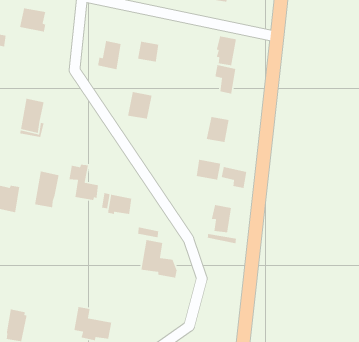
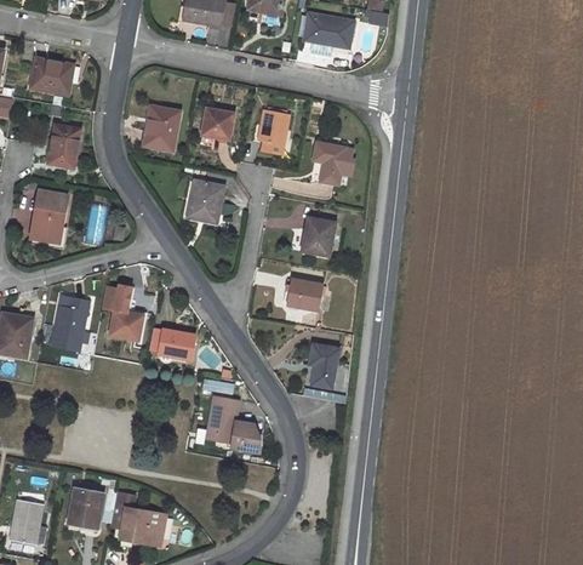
building: [216,35,237,66] -> [258,108,288,153]
building: none -> [47,122,80,167]
building: [221,166,247,189] -> none
building: none -> [67,487,103,527]

